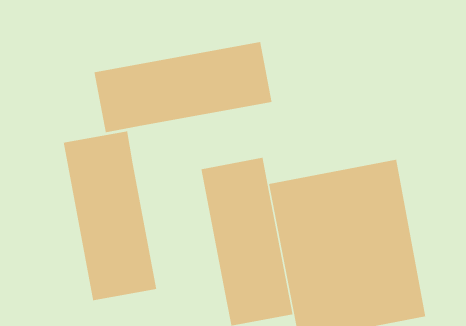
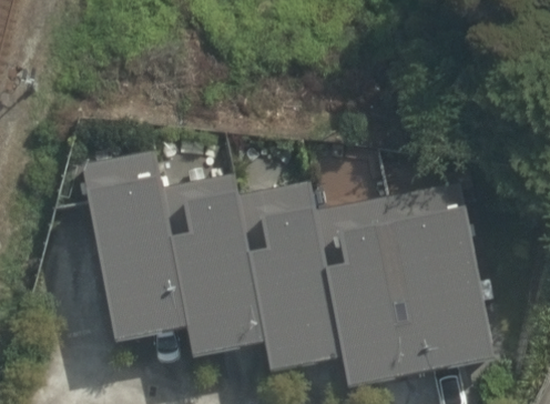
building: [94,41,272,133] -> none
building: none -> [162,173,266,355]

